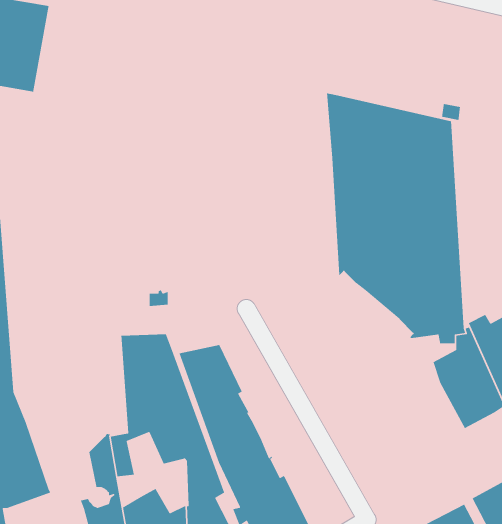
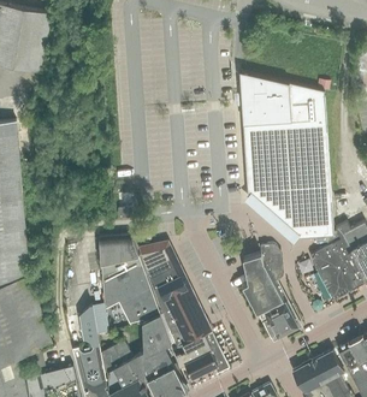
building: none -> [243,244,298,339]

